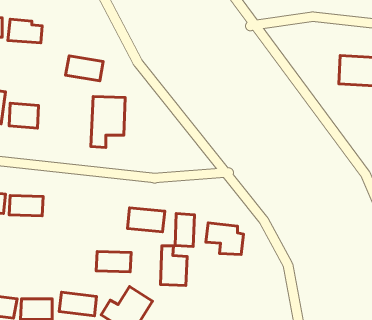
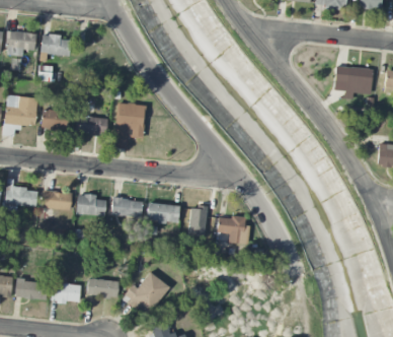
building: [66,56,103,81] -> [75,114,108,136]
building: none -> [77,194,106,215]
building: [160,246,187,286] -> none
building: [96,252,131,272] -> [111,198,143,216]

